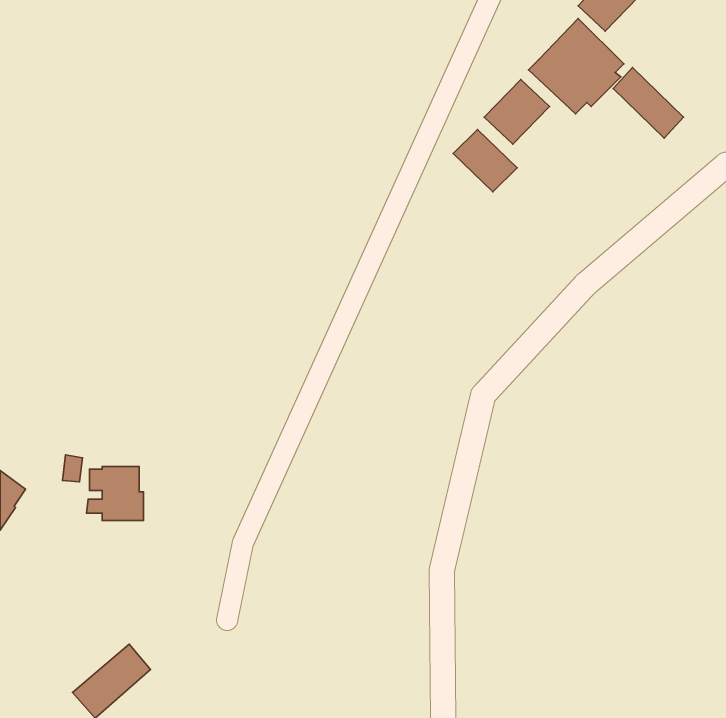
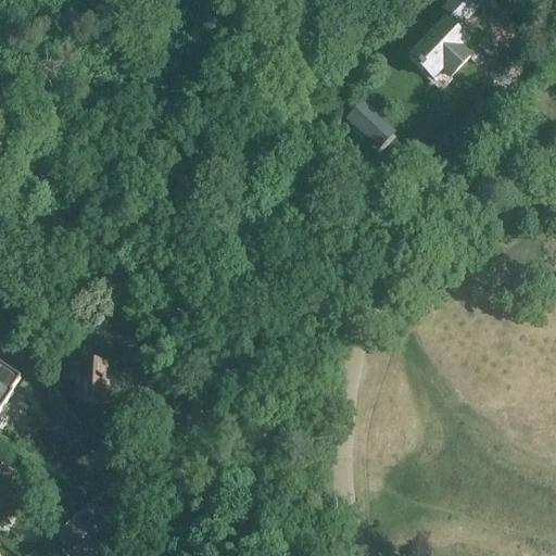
building: [613,68,683,138] -> none
building: [484,80,549,144] -> none

